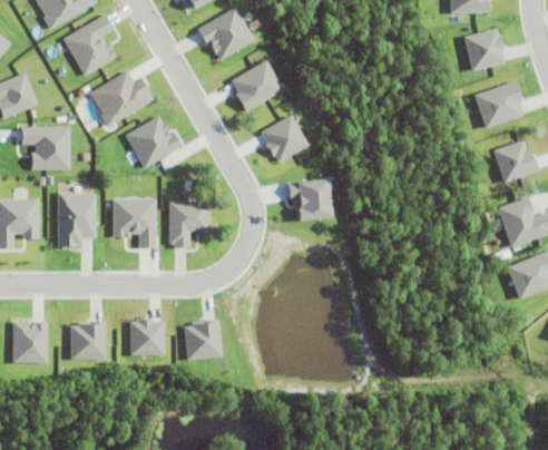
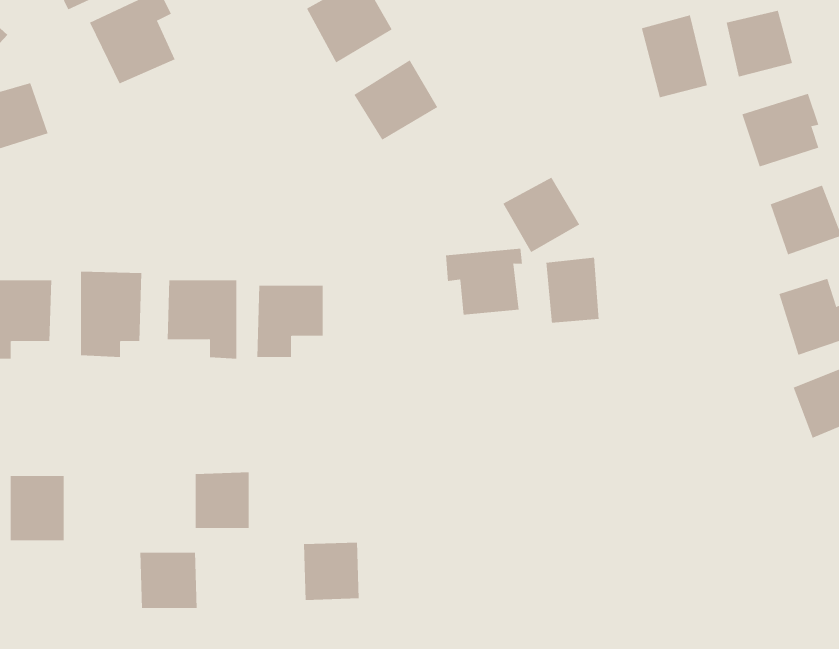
building: none -> [641,14,707,98]
building: [90,71,156,126] -> none
building: [260,115,309,163] -> [502,177,580,253]
building: [126,116,184,168] -> none
building: [20,126,70,169] -> none
building: none -> [546,257,599,324]
building: [185,322,221,359] -> [303,542,360,600]
building: [69,323,106,359] -> [139,552,198,609]

